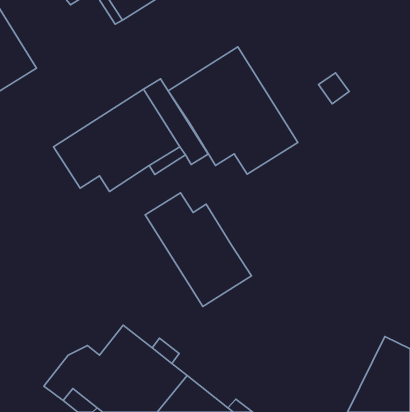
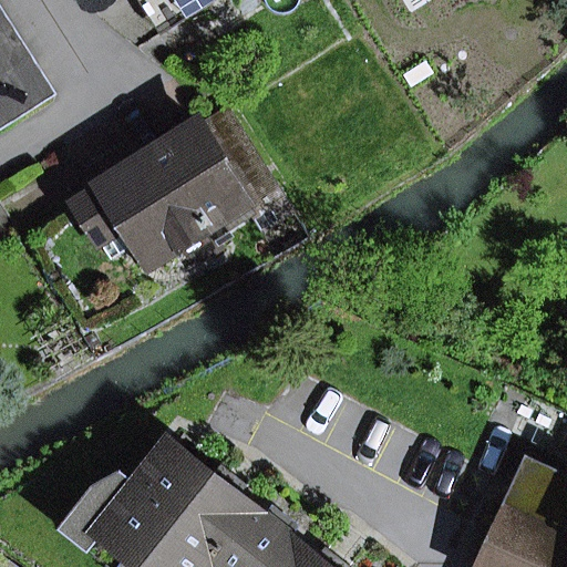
building: [168,47,298,174] -> none
building: [145,193,251,307] -> none

